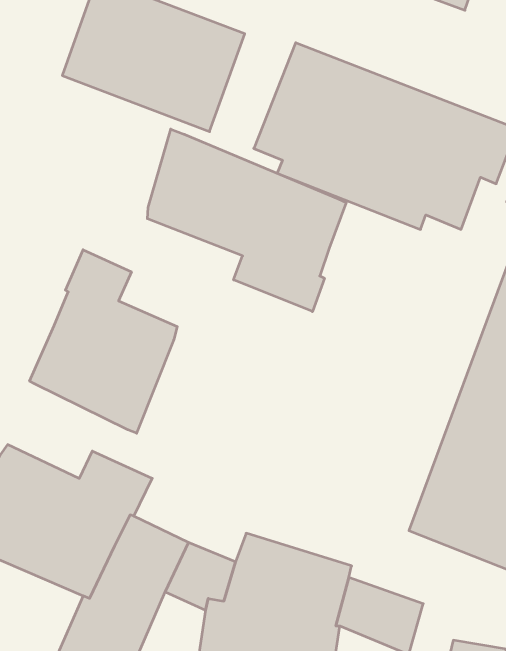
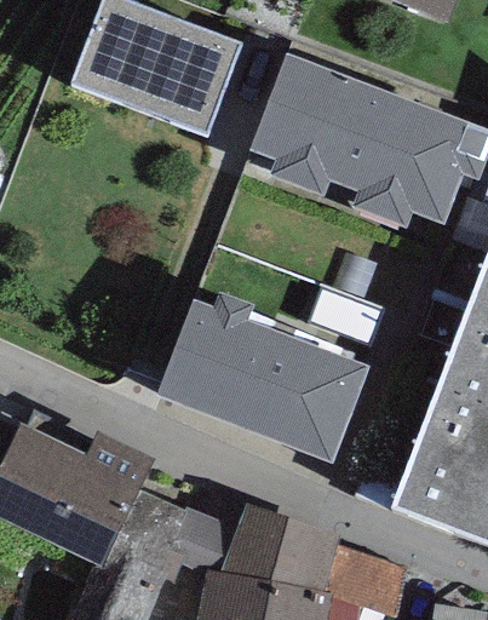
building: [147,129,346,312] -> none
building: [30,250,177,433] -> none
building: none -> [157,289,369,463]

